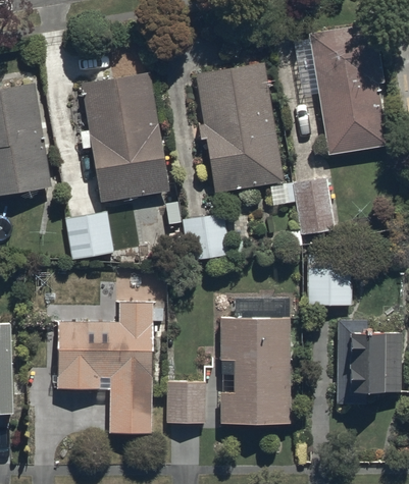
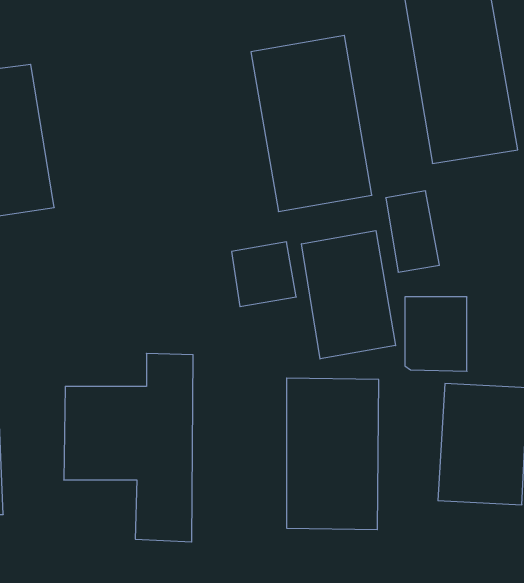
building: [83,73,170,203] -> none
building: none -> [302,231,396,359]
building: [66,212,113,262] -> none
building: [167,380,204,425] -> none

